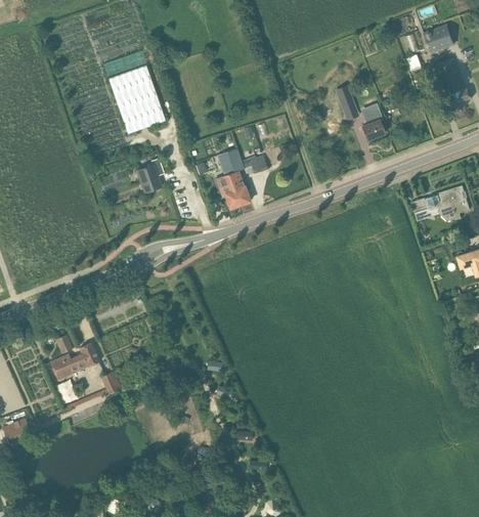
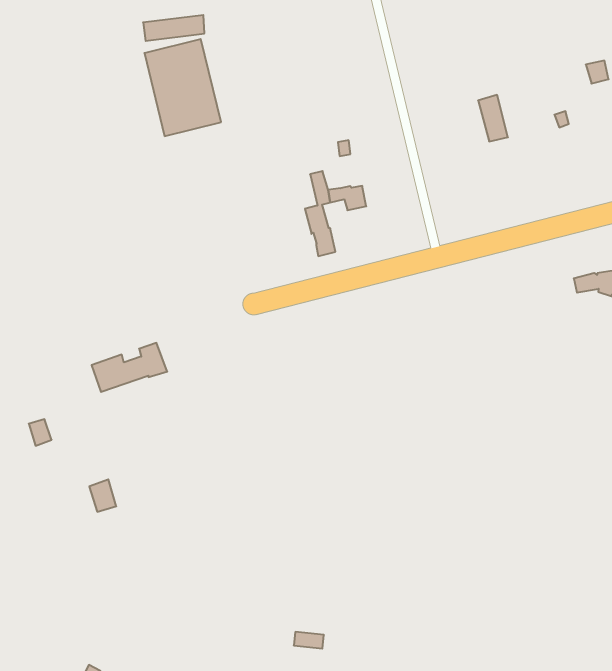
building: [362,112,385,139] -> none
building: [215,150,238,208] -> none
building: [137,158,164,191] -> none
building: [49,342,100,379] -> [92,343,167,392]

